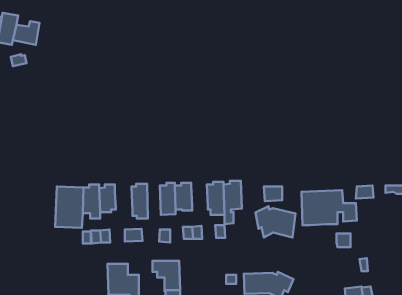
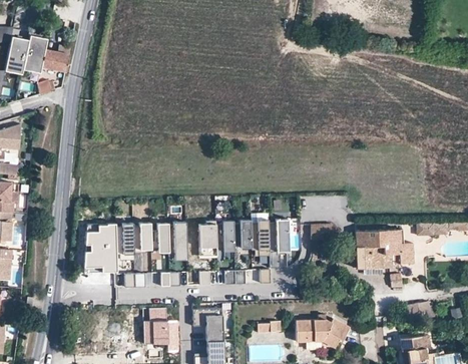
building: none -> [233,221,252,247]
building: none -> [150,224,169,253]
building: [255,206,295,238] -> none

